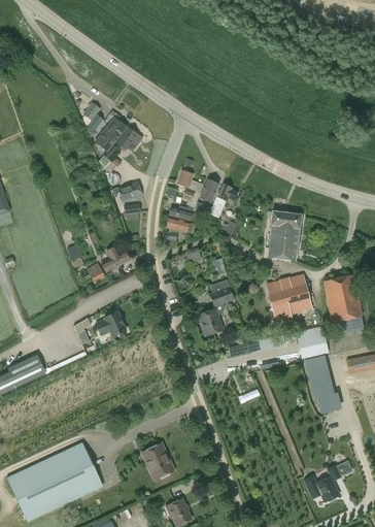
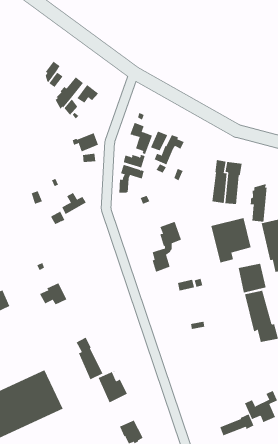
building: none -> [250,183,267,222]
building: [95,310,126,335] -> [39,283,67,305]
building: none -> [76,337,103,380]
building: none -> [220,414,254,436]

